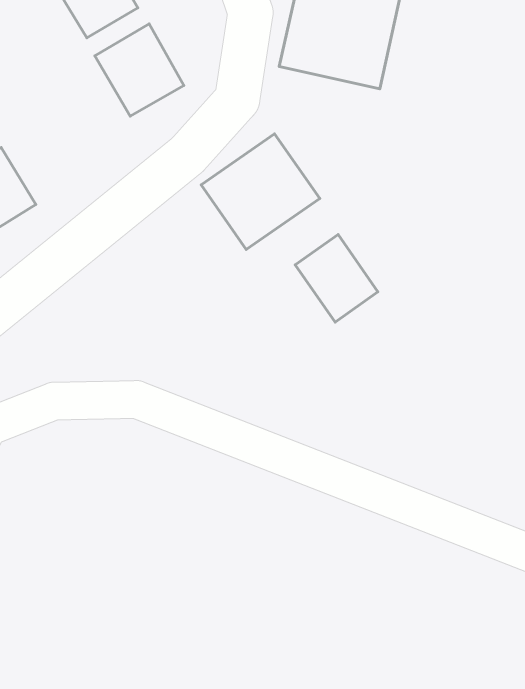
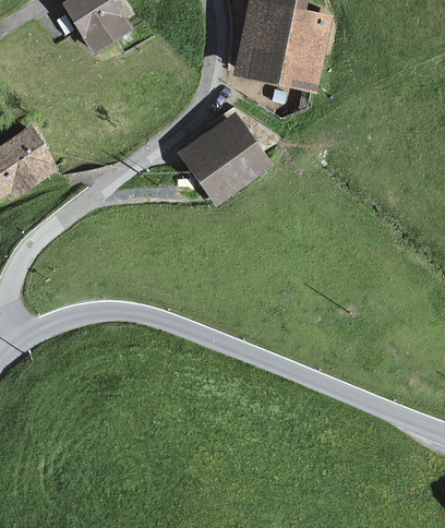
building: [95,24,184,116] -> none
building: [295,235,378,322] -> none

